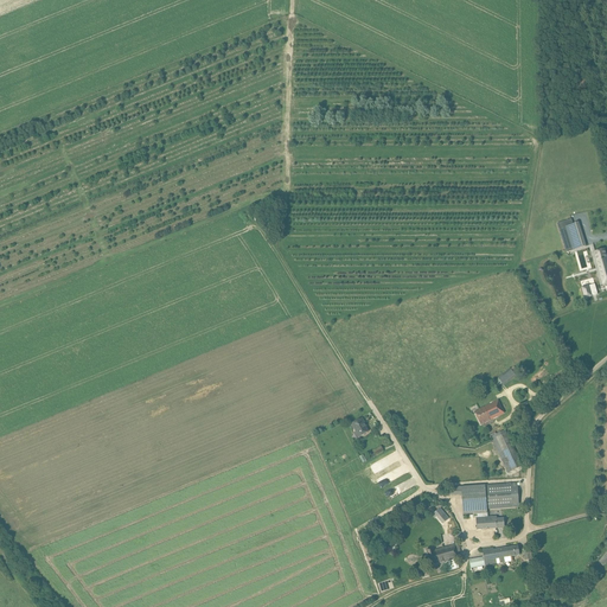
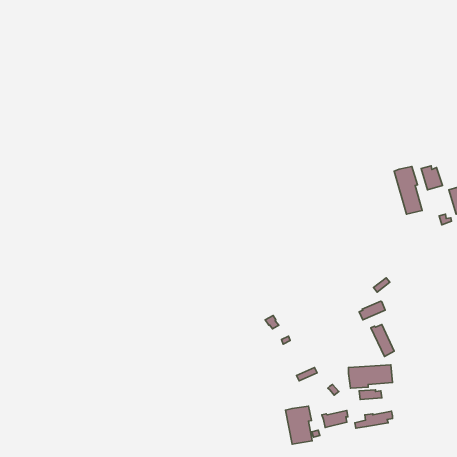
building: none -> [394,167,422,214]
building: none -> [285,406,312,444]

